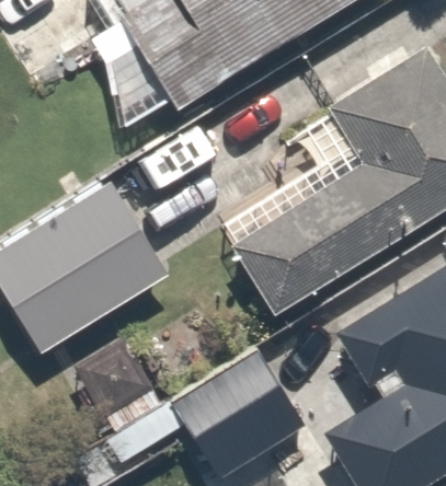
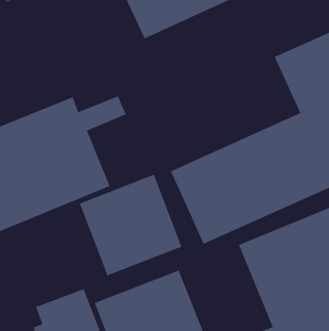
building: none -> [79,174,182,276]

